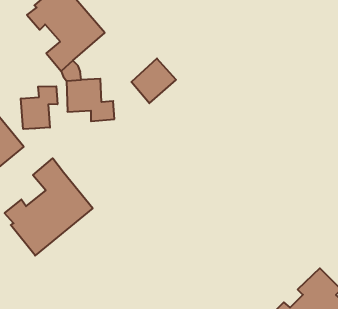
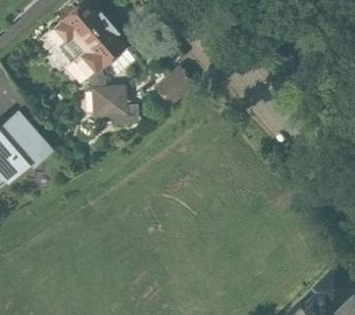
building: [21,86,57,129] -> none
building: [5,158,93,256] -> none

